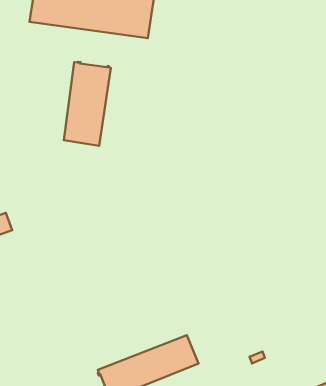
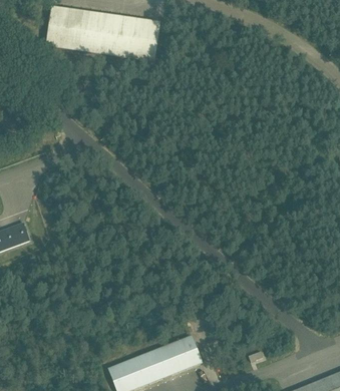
building: [64,62,111,146] -> none

